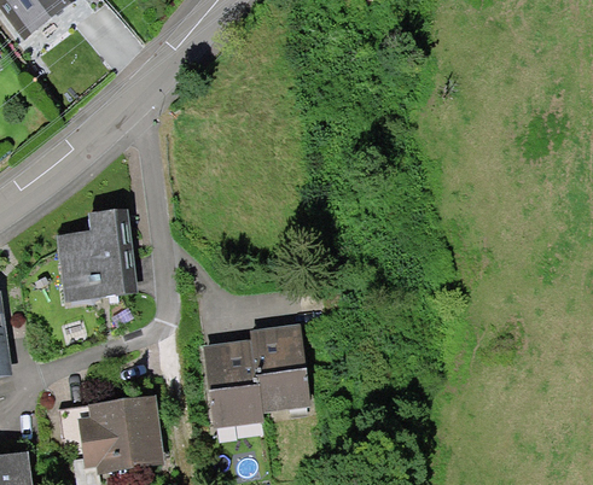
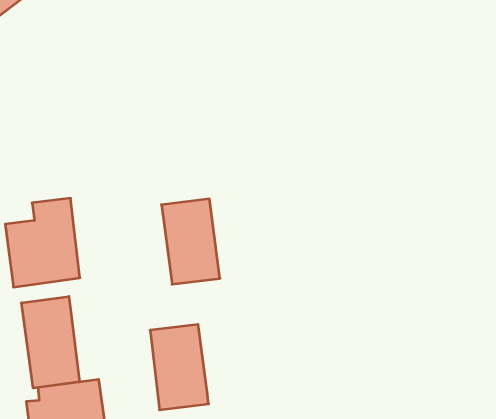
building: none -> [22,296,79,388]
building: [252,323,313,411] -> [161,199,220,284]

